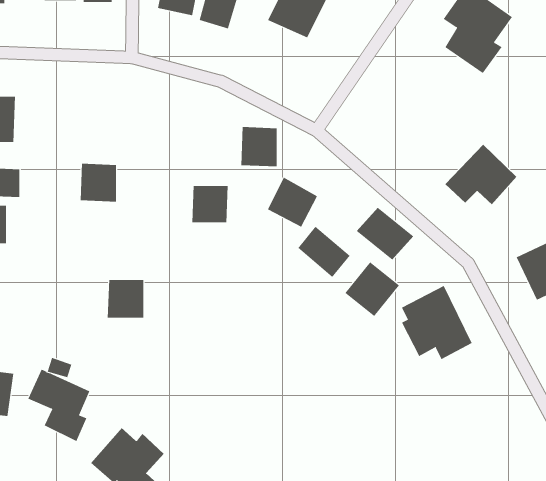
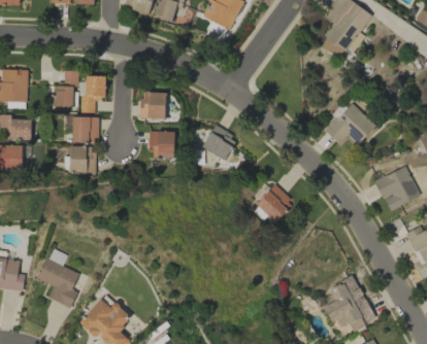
building: none -> [53,70,105,112]
building: [240,127,278,167] -> [140,91,166,118]
building: [356,207,414,261] -> none
building: [297,226,350,278] -> none
building: [107,279,144,318] -> [69,145,95,172]
building: [401,285,472,360] -> [325,279,374,331]

